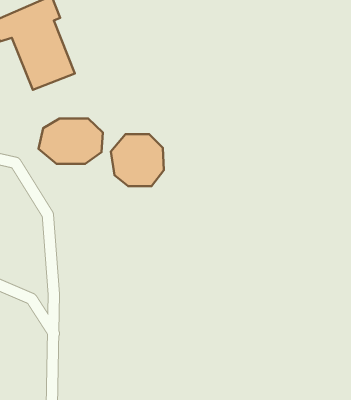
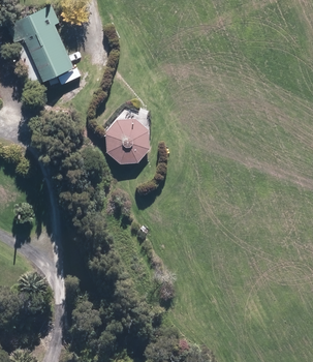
building: [39,118,103,164] -> none

